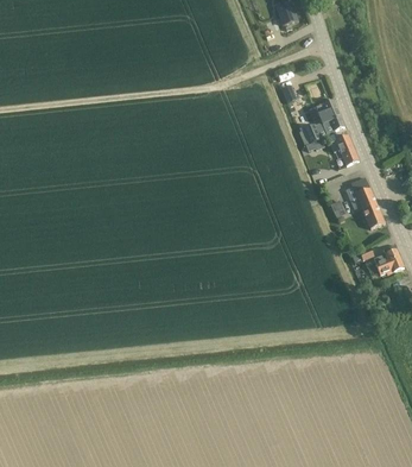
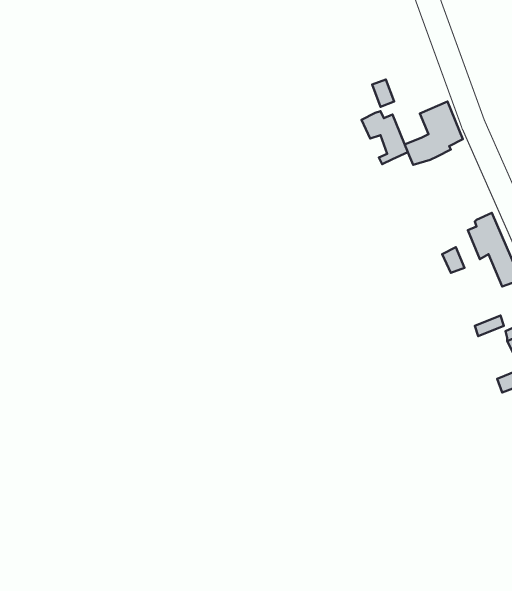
building: [324,131,356,168] -> [362,111,408,164]

